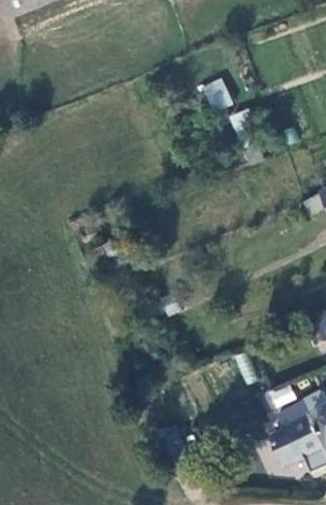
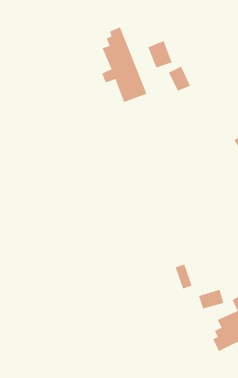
building: none -> [102,26,147,103]

